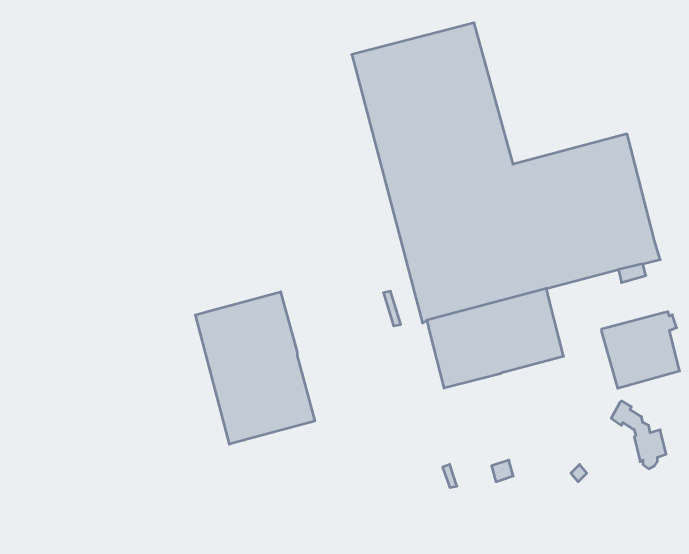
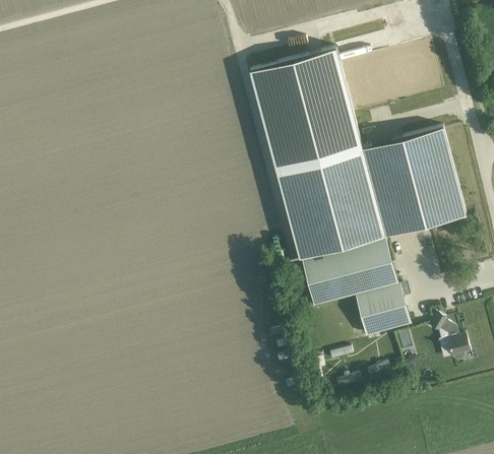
building: [195,292,315,444] -> none
building: [602,312,680,388] -> [356,283,411,337]

